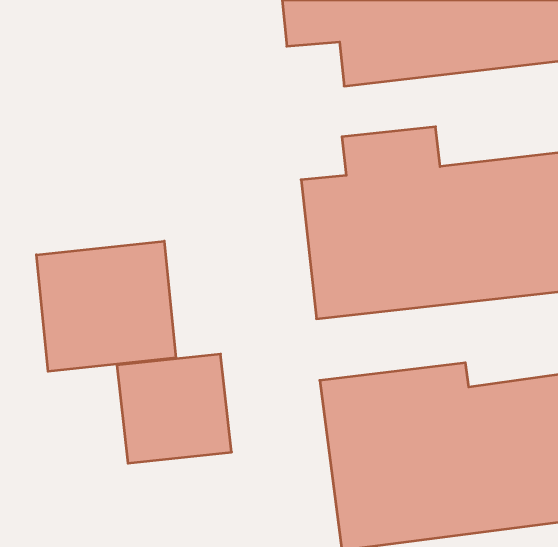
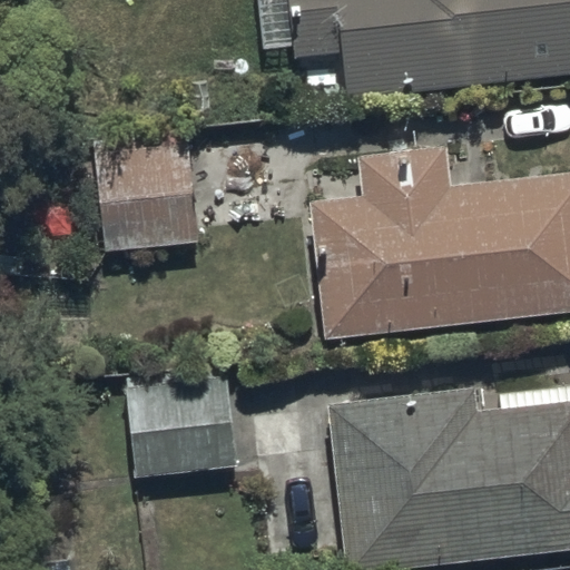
building: none -> [94,140,197,244]
building: [36,241,176,371] -> none

